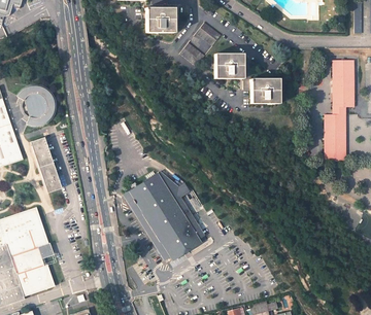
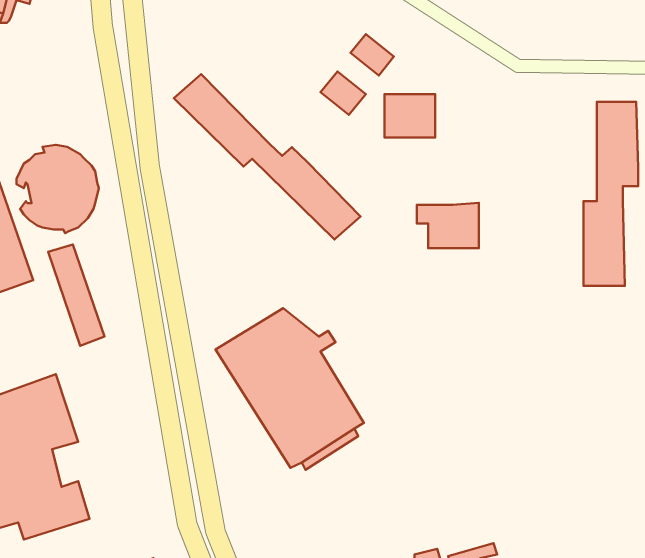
building: [147,7,175,33] -> none
building: none -> [174,74,361,239]
building: [246,78,280,103] -> [417,203,479,248]

